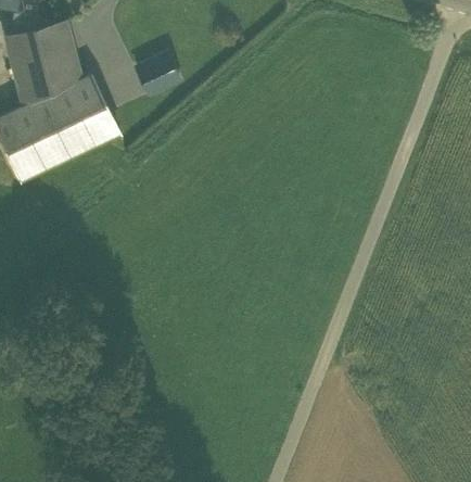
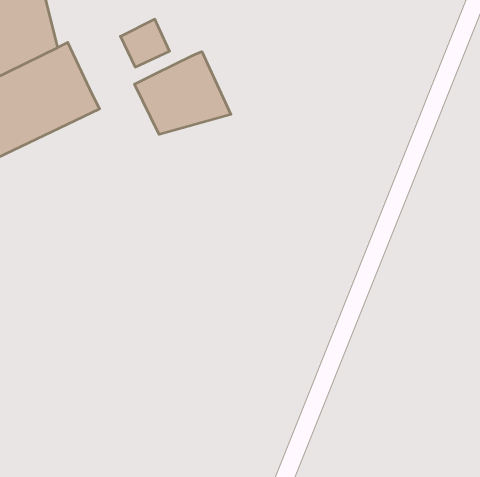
building: none -> [135,52,231,134]

